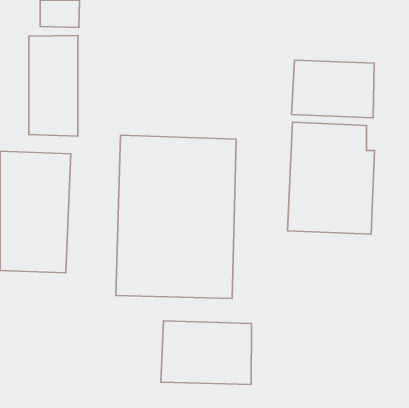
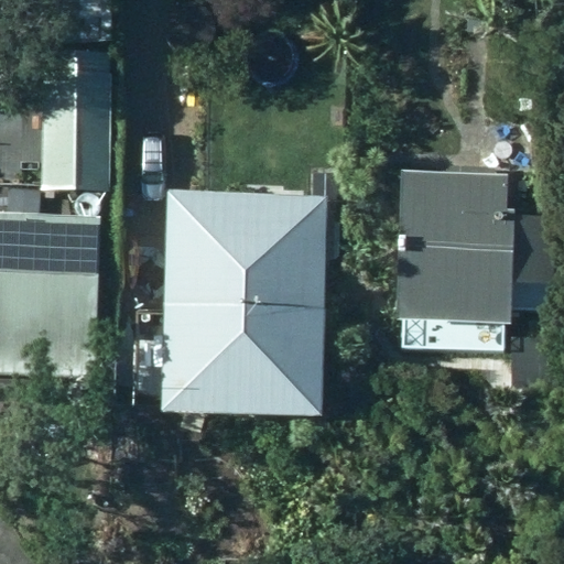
building: [292,60,374,118] -> none
building: [161,321,252,385] -> none

